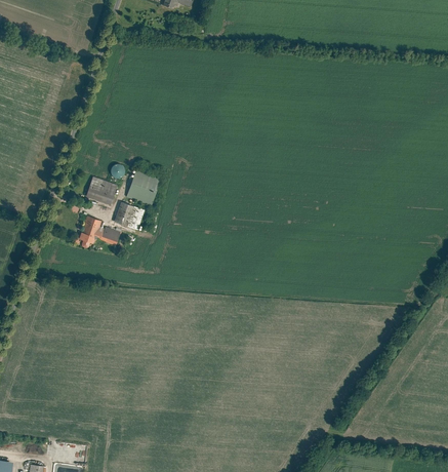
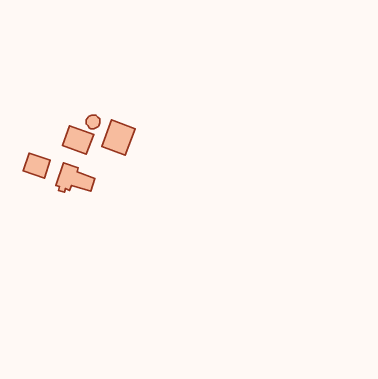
building: [116,201,145,228] -> none
building: none -> [23,153,50,178]

